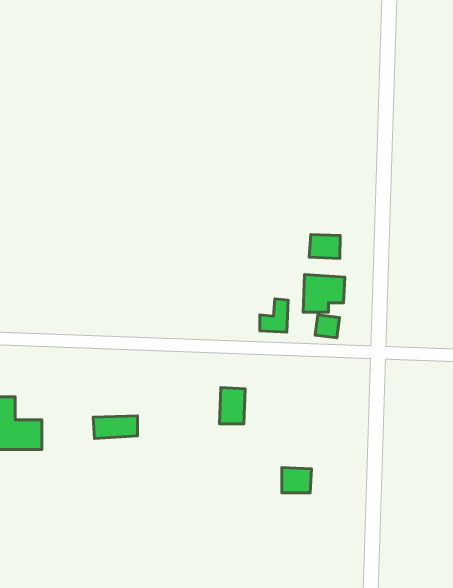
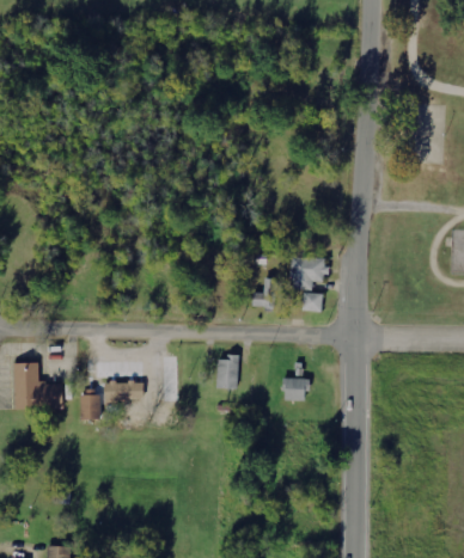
building: [309,235,340,258] -> none
building: none -> [80,392,100,419]
building: [282,467,311,493] -> [282,378,309,400]

